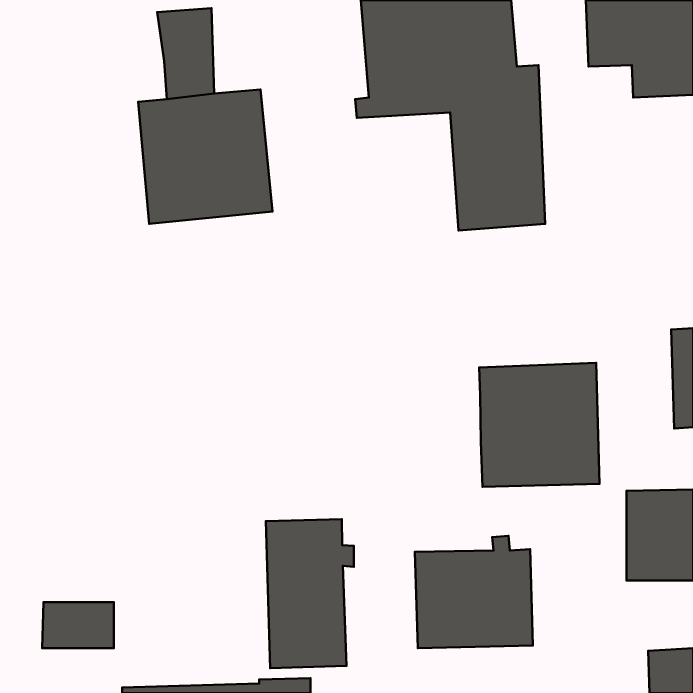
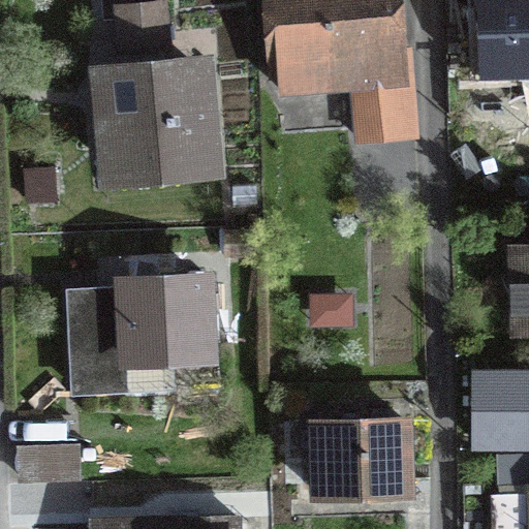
building: [479,363,599,487] -> none
building: none -> [71,280,210,388]
building: [266,519,354,668] -> none

